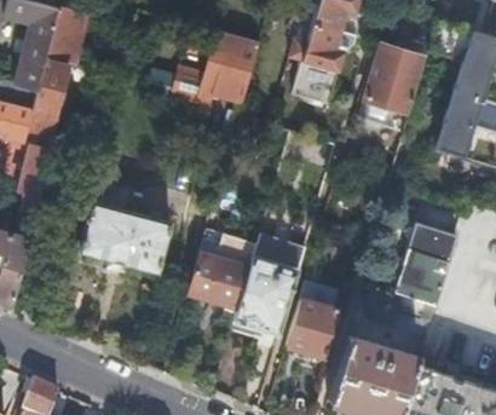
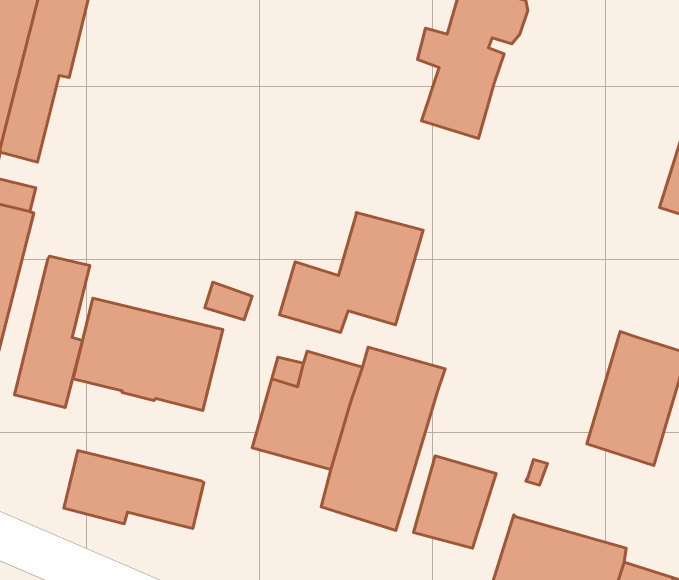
building: [172,33,260,106] -> [279,212,423,333]
building: [358,33,426,133] -> none
building: none -> [15,256,90,407]
building: none -> [64,451,204,528]

